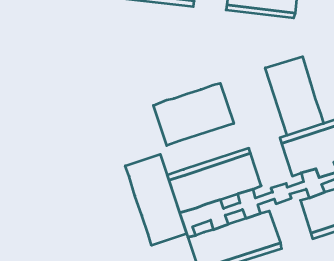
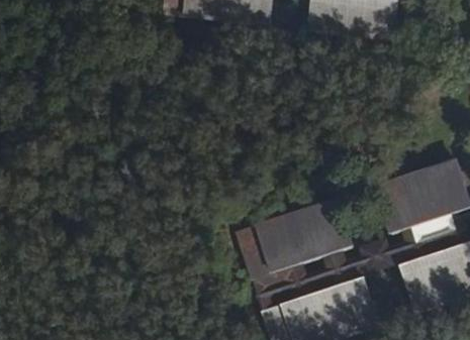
building: [265,57,324,135] -> none
building: [153,83,234,146] -> none
building: [125,154,187,245] -> none

